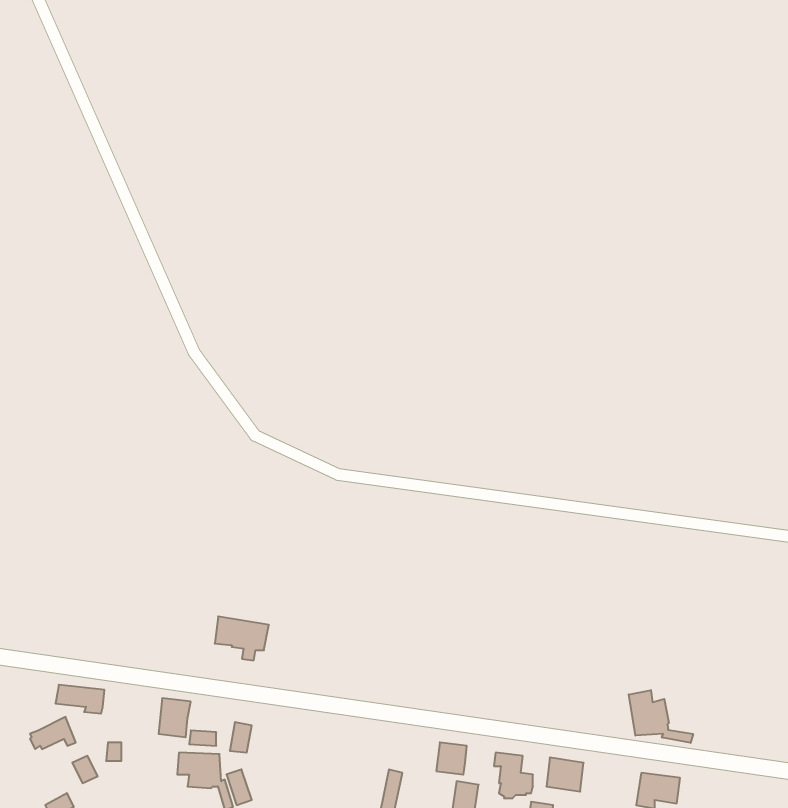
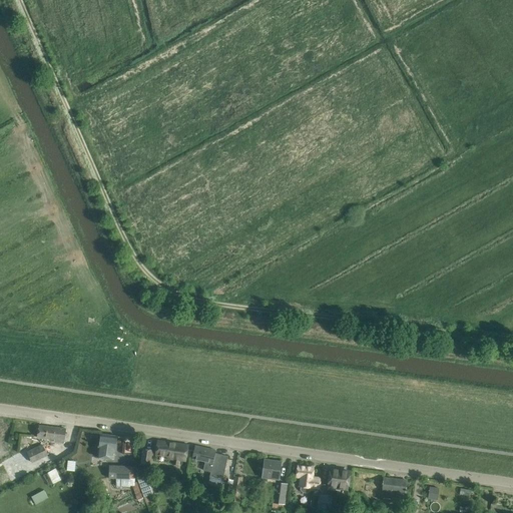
building: [215,616,269,660] -> [156,440,188,466]
building: [629,690,693,743] -> none
building: none -> [192,446,227,480]

